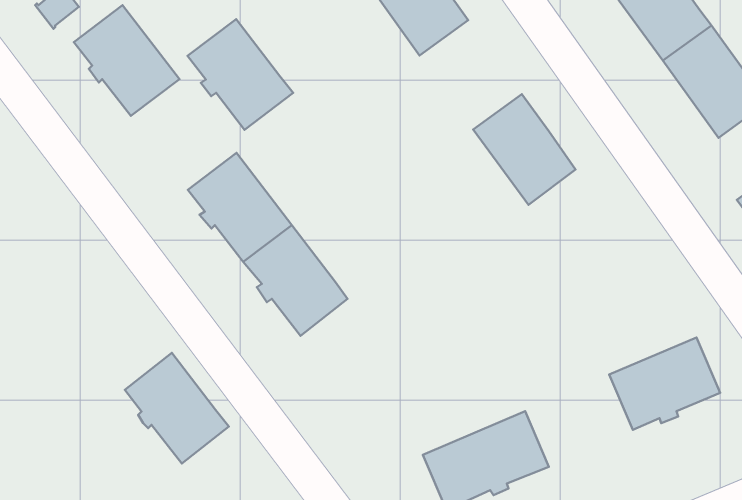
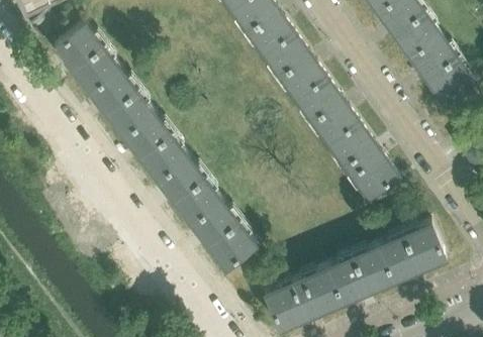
building: [188,19,293,130] -> [90,69,154,135]
building: none -> [264,33,325,99]
building: none -> [329,123,397,199]
building: [125,353,229,464] -> [192,201,255,267]
building: none -> [327,246,392,302]

